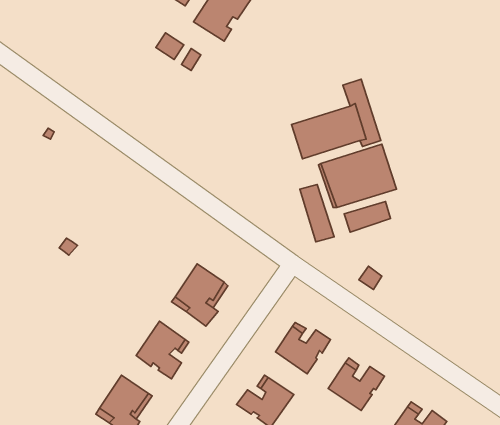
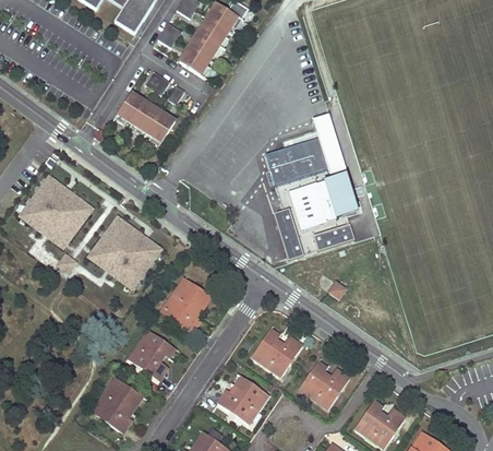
building: none -> [115,92,176,145]
building: none -> [19,175,92,247]
building: none -> [88,215,161,287]

